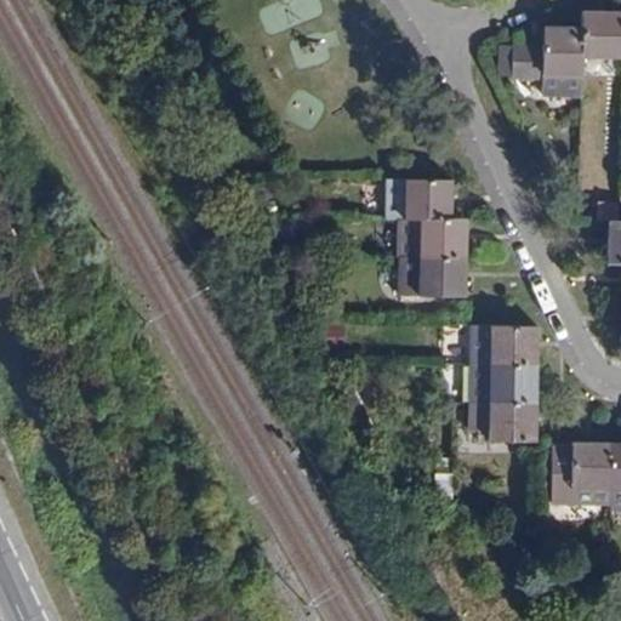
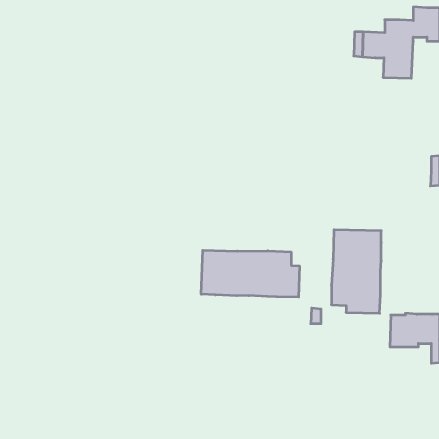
building: [387,178,467,296] -> none
building: none -> [201,250,299,297]

